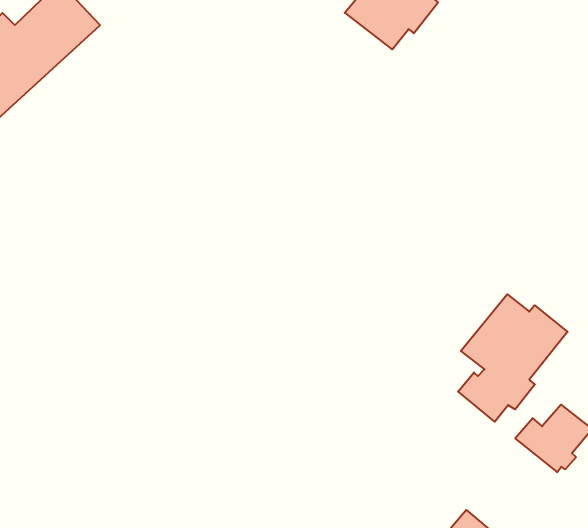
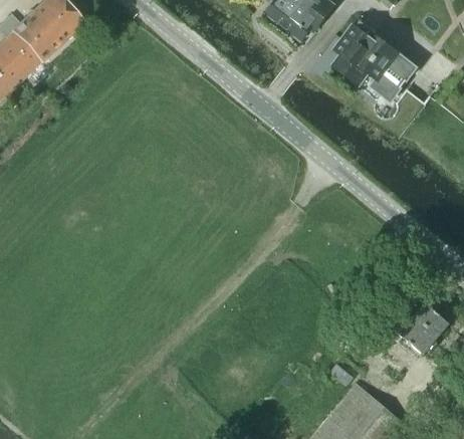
building: none -> [333,22,416,102]
building: [458,294,568,422] -> none

